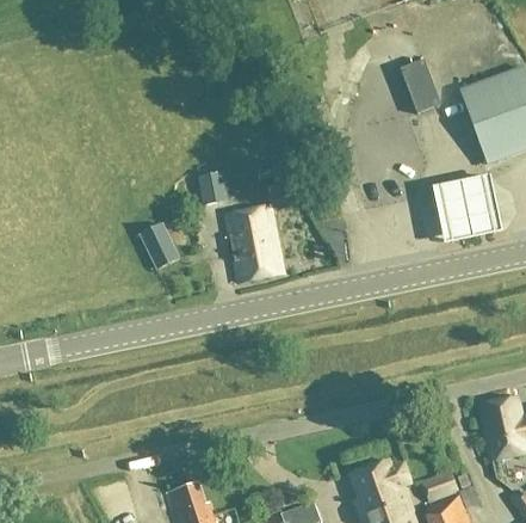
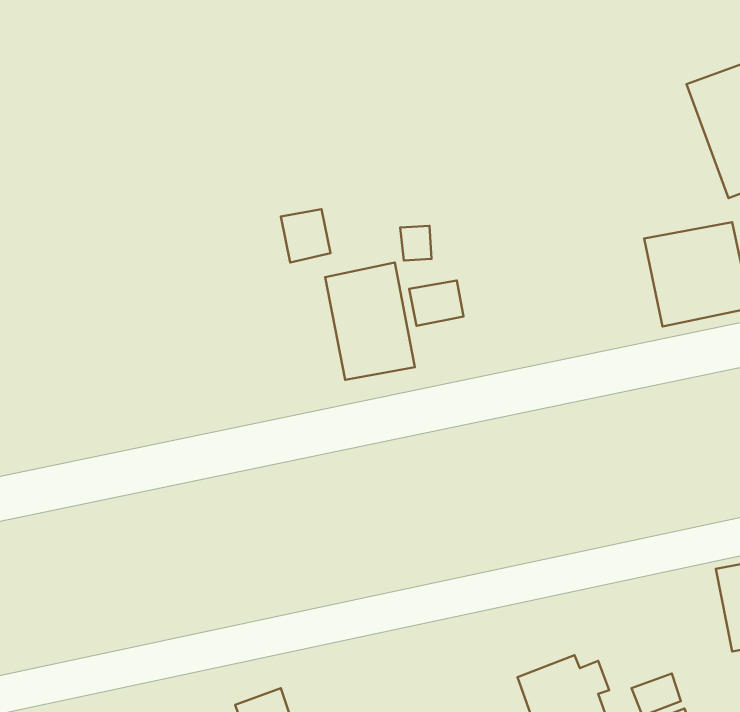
building: [400,59,440,112] -> none
building: none -> [409,280,463,326]
building: [138,220,180,269] -> none

